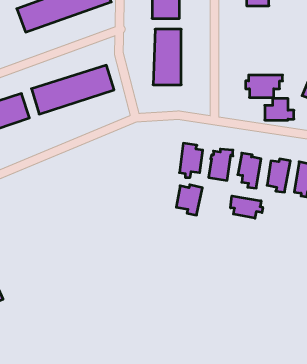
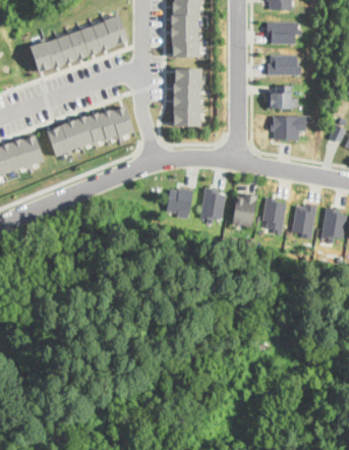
building: none -> [267,55,300,75]
building: [265,99,294,120] -> [267,86,297,108]
building: [176,185,202,215] -> [165,187,192,219]
building: [231,196,263,218] -> none

